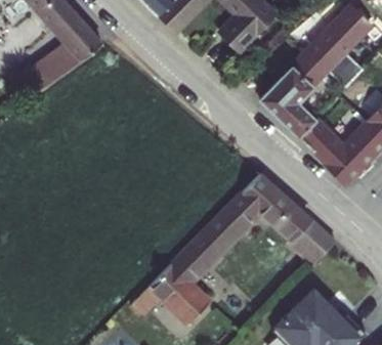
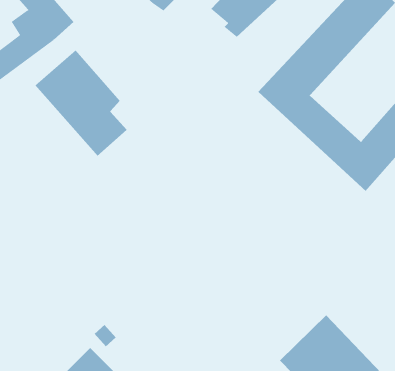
building: none -> [34,49,128,156]
building: [132,172,336,321] -> none

